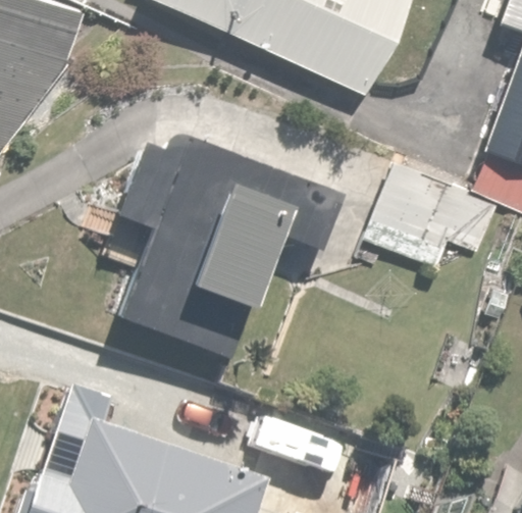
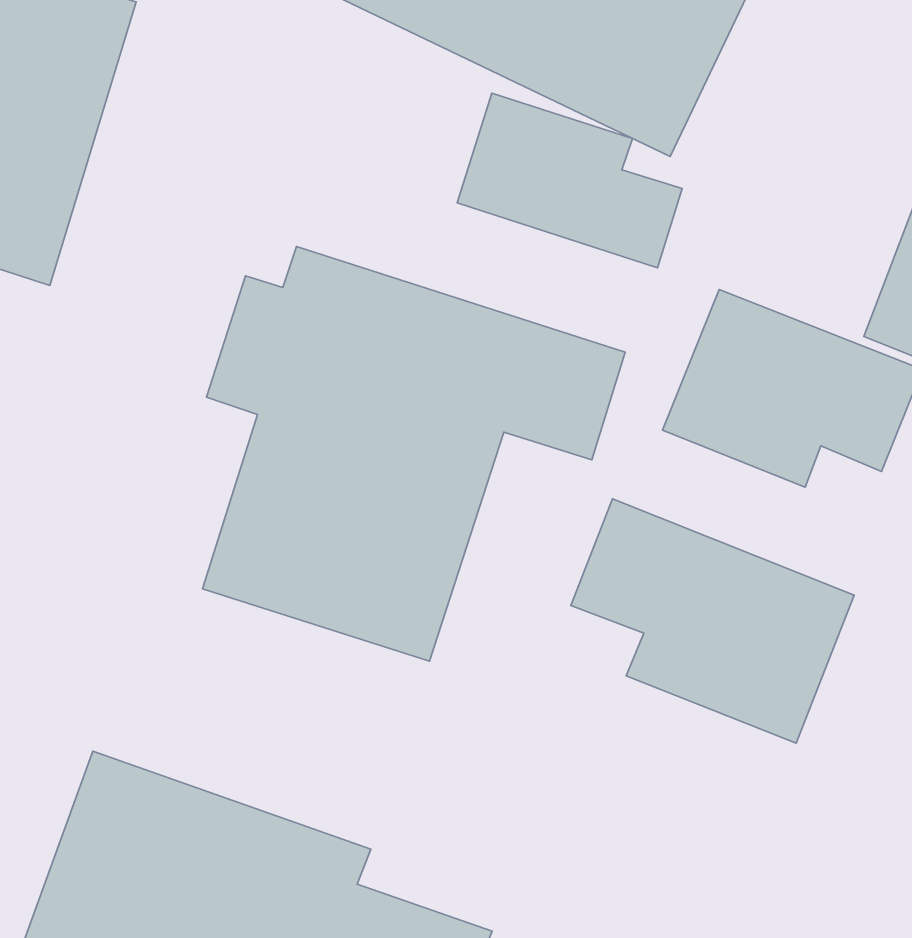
building: none -> [457,93,682,268]
building: none -> [571,499,854,743]

